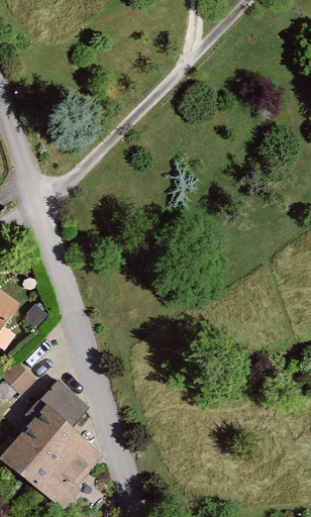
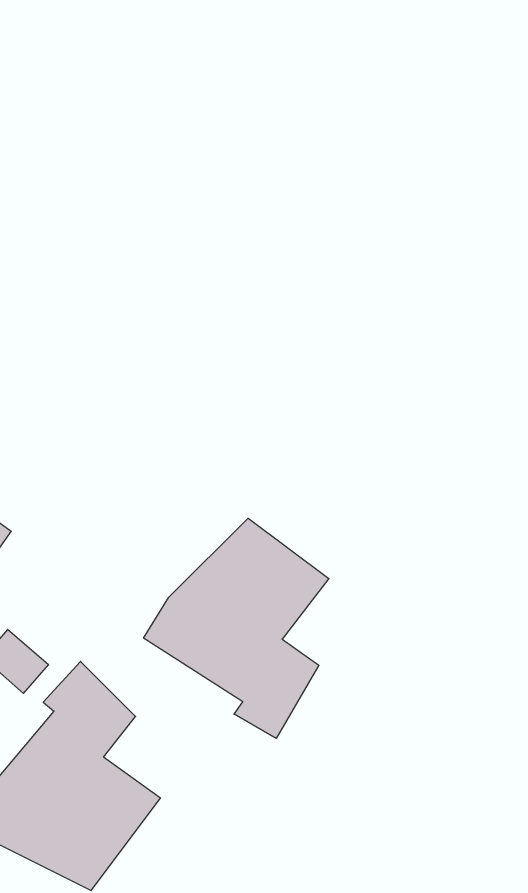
building: none -> [144,518,329,738]

